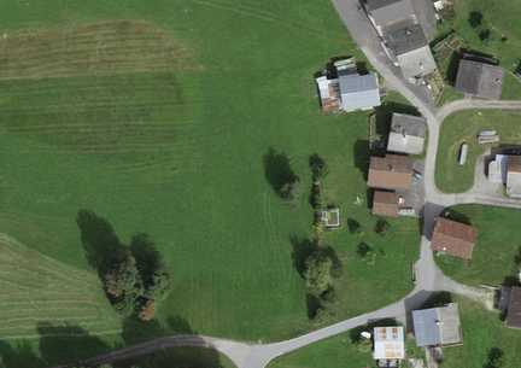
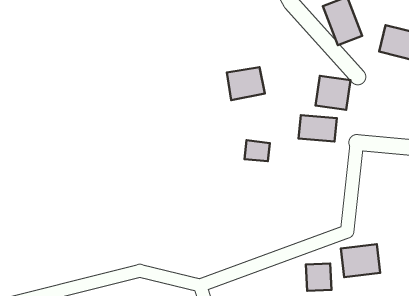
building: [334,75,377,112] -> [227,67,265,100]
building: [374,191,403,215] -> [244,140,270,161]
building: [434,218,475,257] -> none

